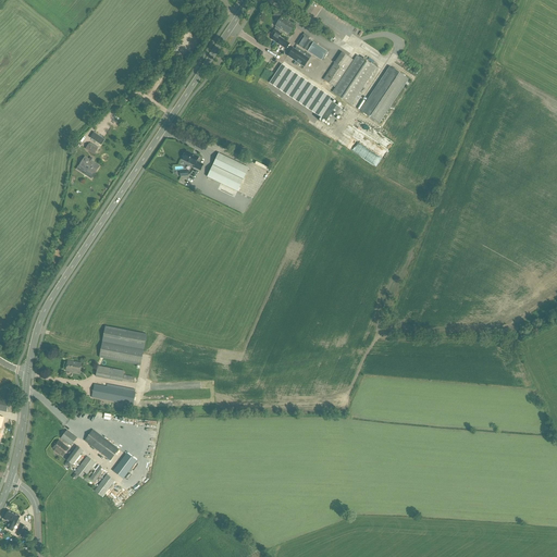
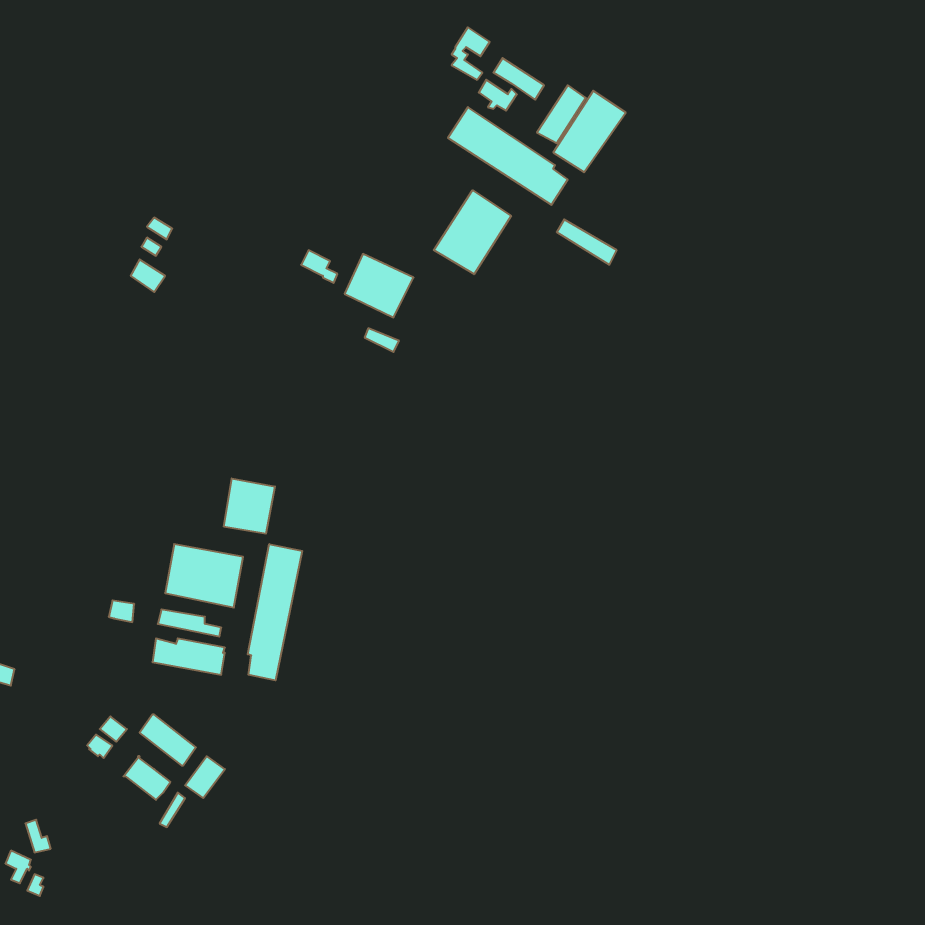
building: [360,66,408,123] -> none
building: none -> [434,190,511,274]
building: none -> [224,478,275,534]
building: none -> [248,544,302,680]

